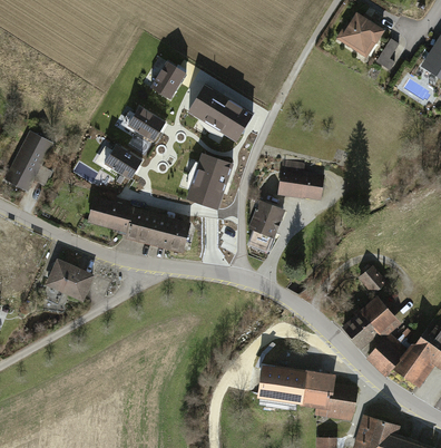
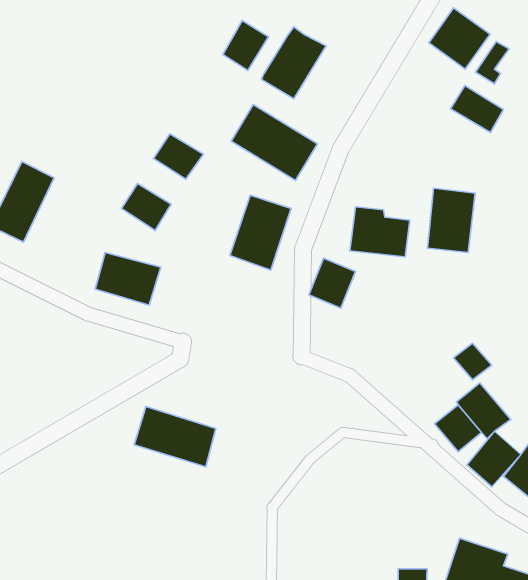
building: none -> [261,27,326,99]
building: [153,61,187,99] -> [223,21,268,70]
building: none -> [450,85,504,132]
building: none -> [428,188,475,253]
building: [126,208,188,254] -> [134,407,216,467]
building: [43,261,95,304] -> none
building: [256,361,356,423] -> none

